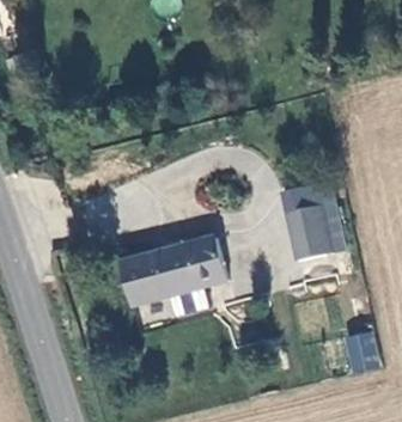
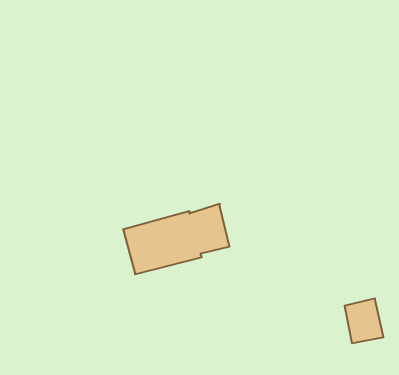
building: [288,203,333,258] -> none

